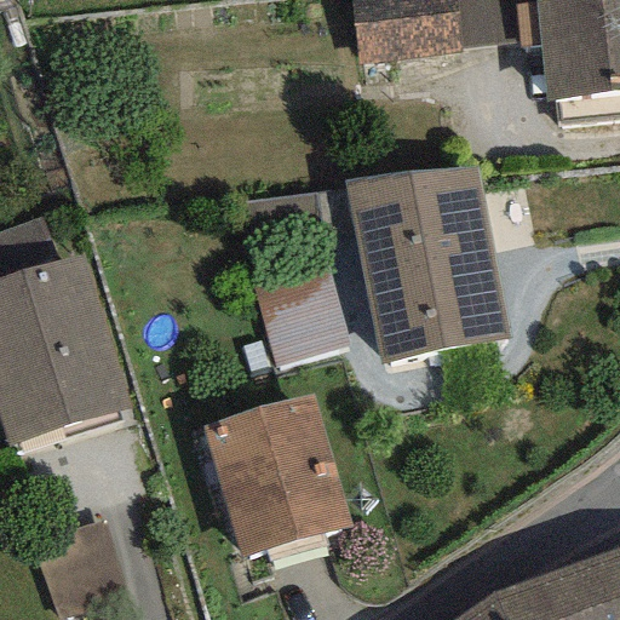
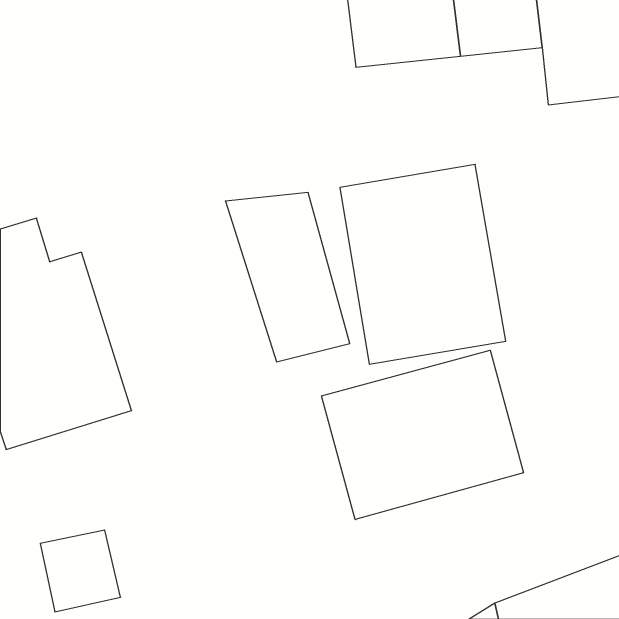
building: none -> [321,350,523,520]
building: [202,391,350,555] -> none

